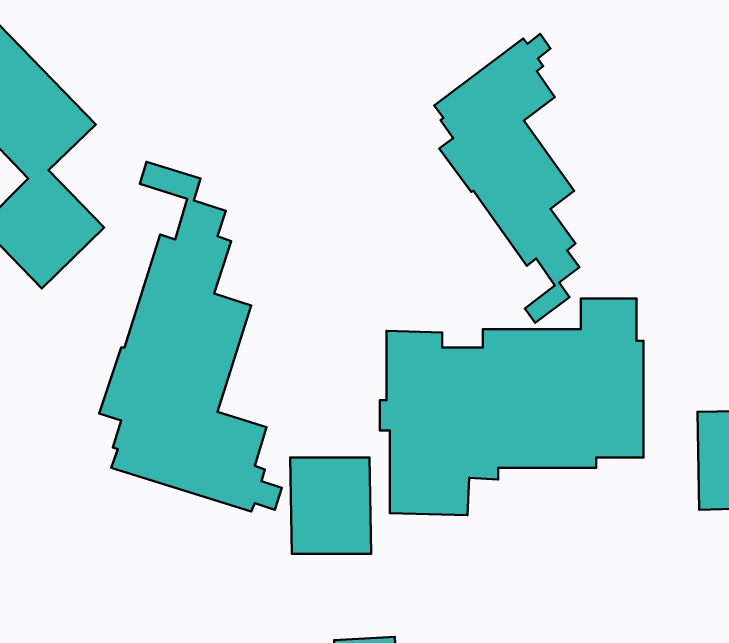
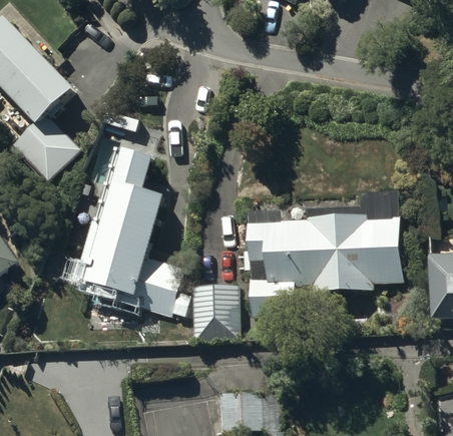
building: [434,34,579,323] -> none

